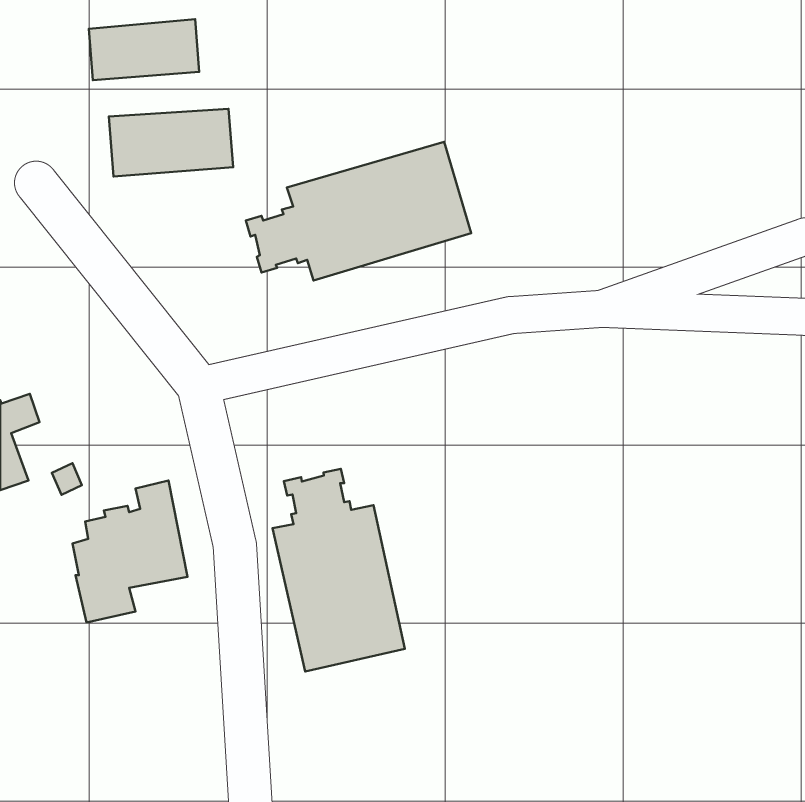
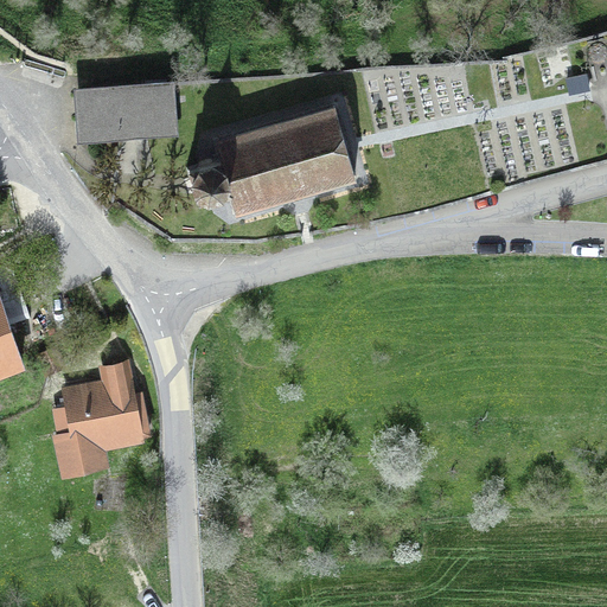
building: [89,19,199,80] -> none
building: [272,469,405,671] -> none

